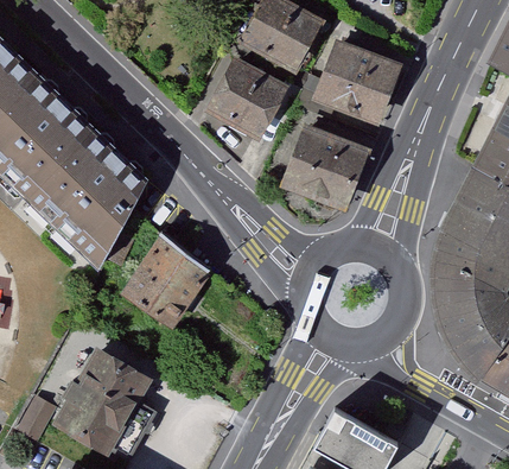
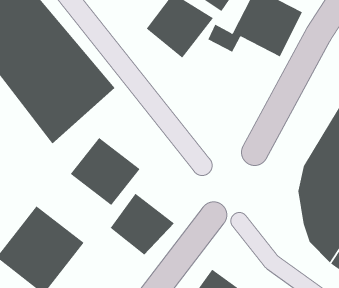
building: [282,122,368,214] -> none
building: none -> [110,193,175,256]

